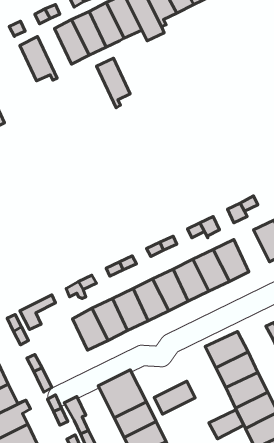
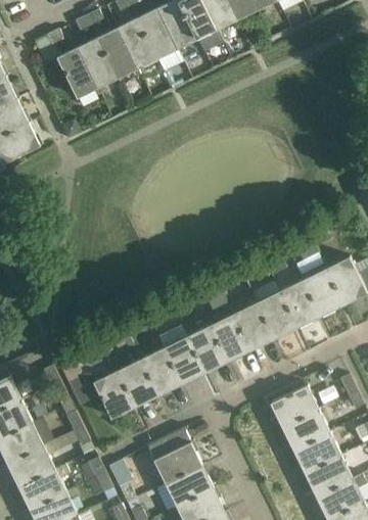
building: [96,58,130,108] -> [78,38,117,95]
building: none -> [303,269,343,317]
building: none -> [93,371,135,419]
building: [154,381,195,414] -> none
building: [209,410,244,439] -> none

